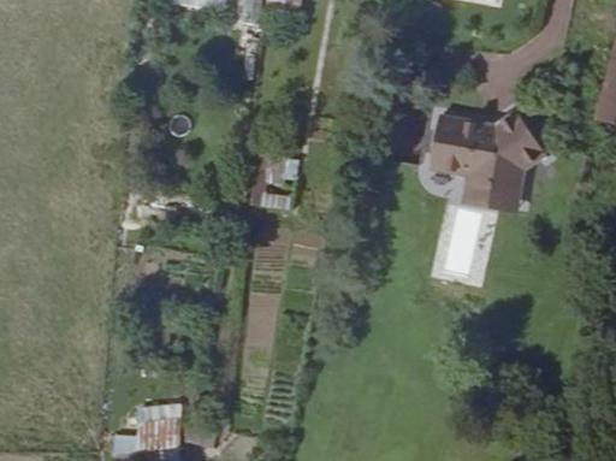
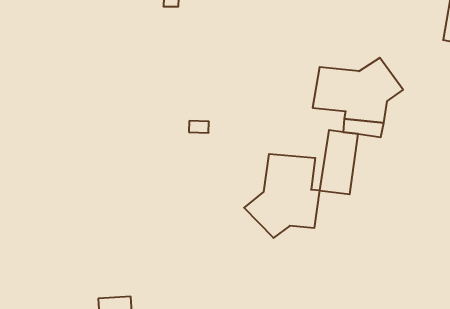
building: none -> [244,154,320,238]

